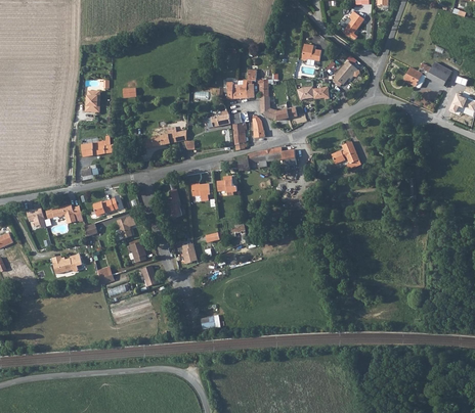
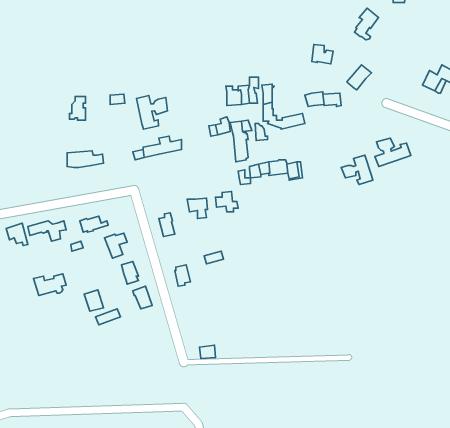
building: none -> [136,96,167,129]
building: none -> [375,138,411,166]

